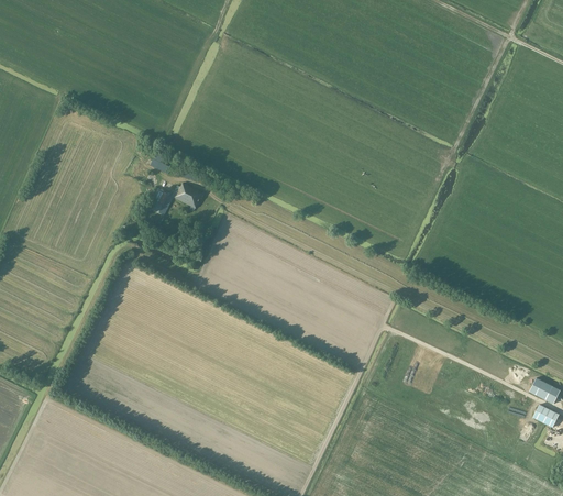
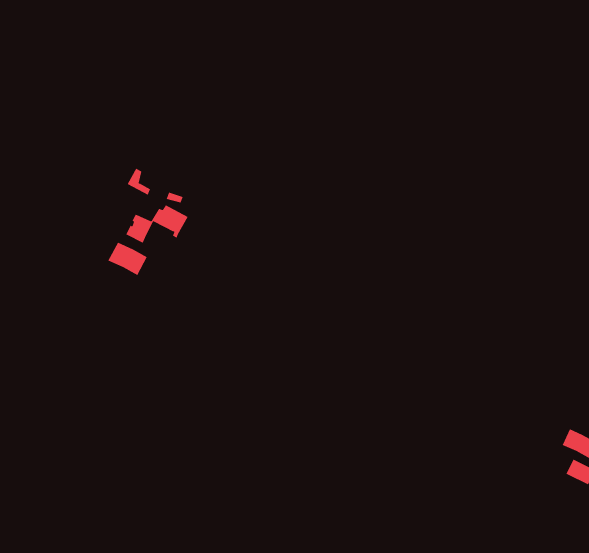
building: none -> [108,242,148,276]

